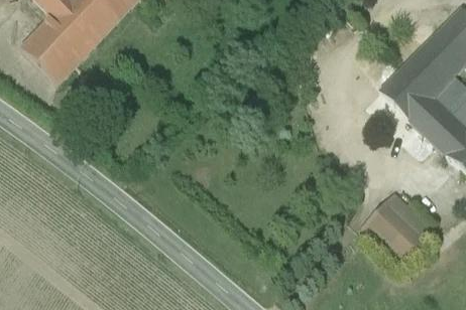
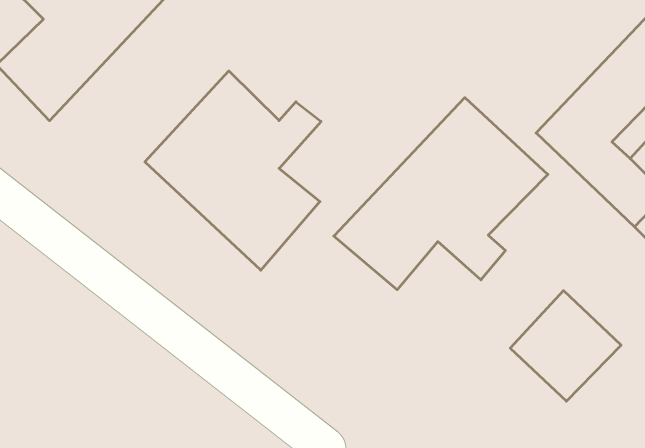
building: none -> [145,71,321,270]
building: none -> [334,98,548,290]

